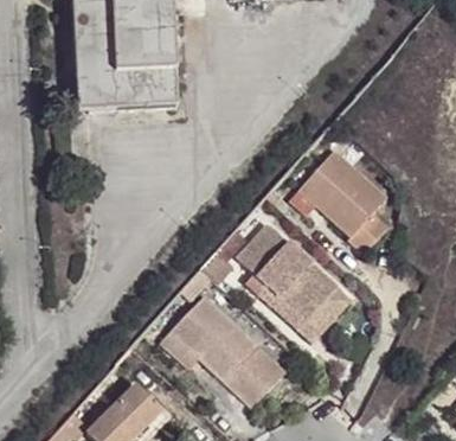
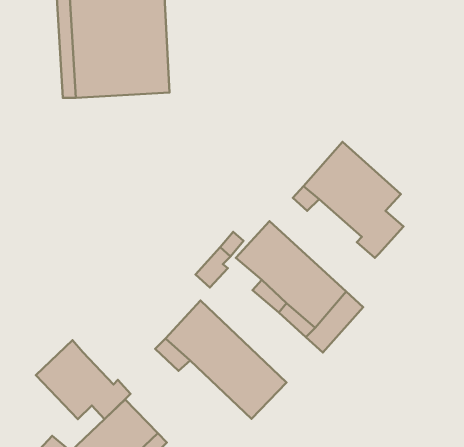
building: none -> [36,340,130,419]

